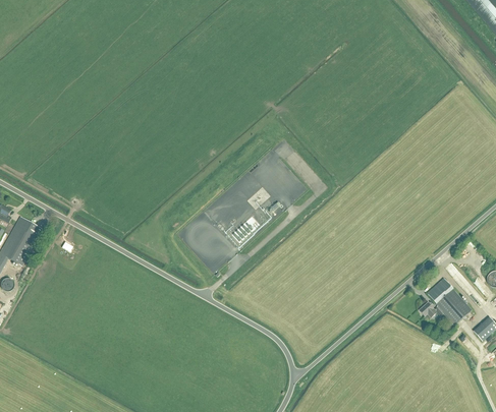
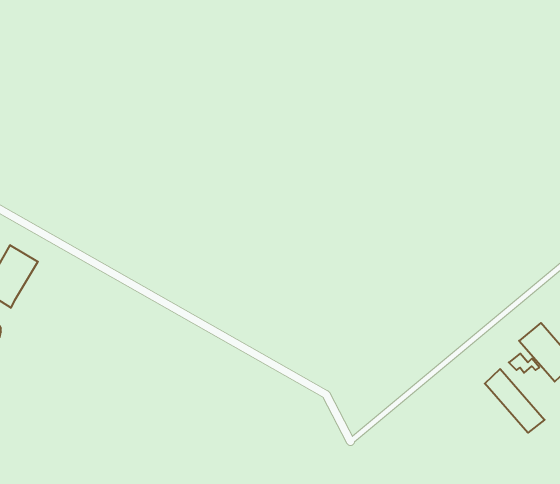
building: none -> [485,369,545,433]

